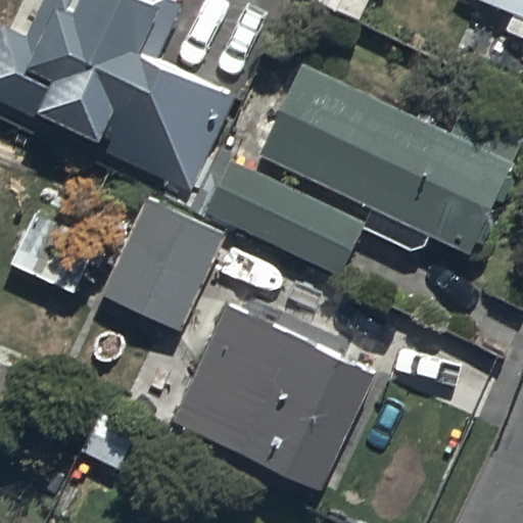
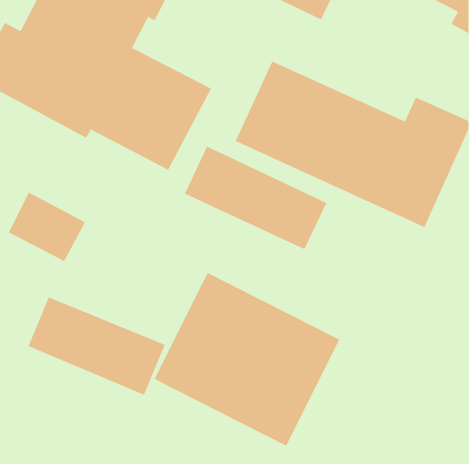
building: [102,199,225,329] -> none
building: none -> [28,296,166,395]

